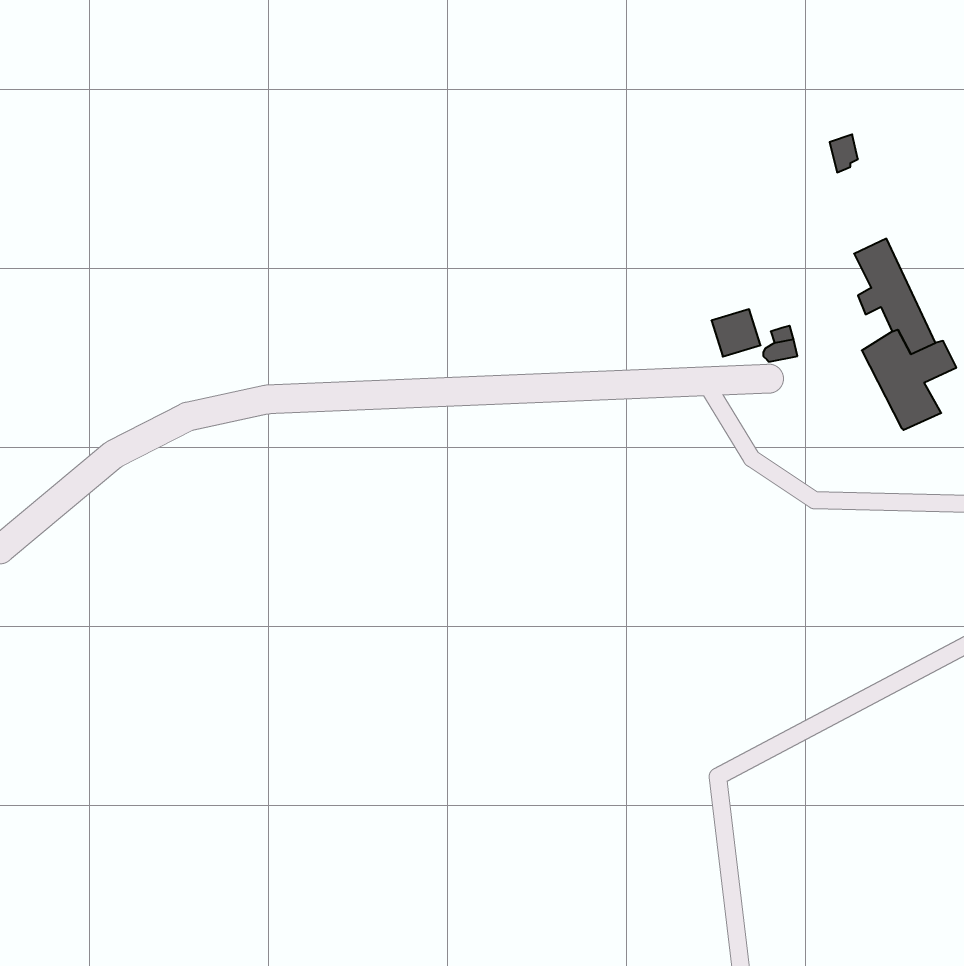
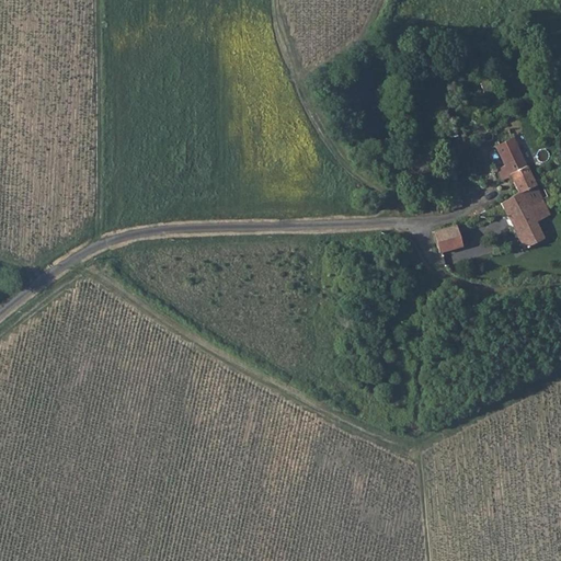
building: [711,309,761,357] -> [434,225,462,252]

